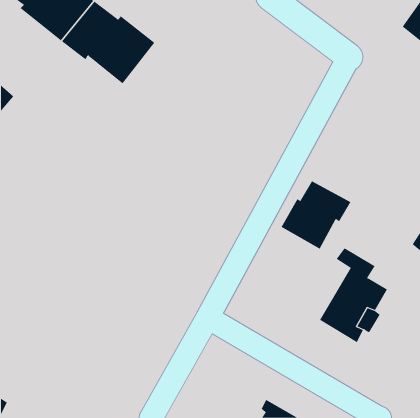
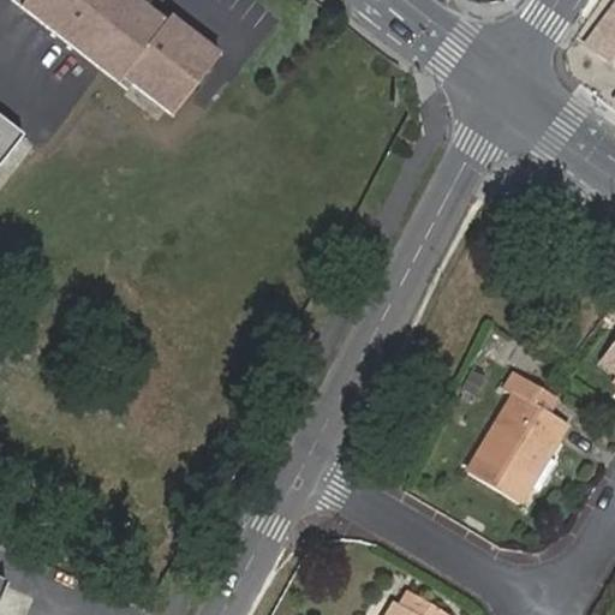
building: [281,181,351,249] -> none

